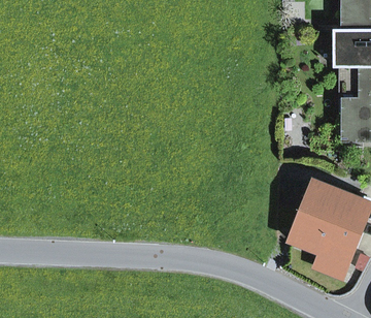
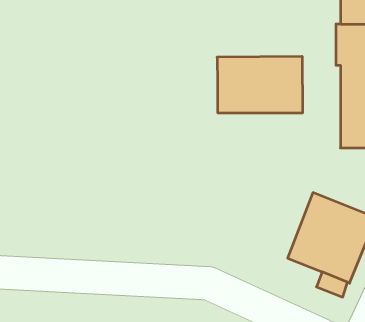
building: none -> [217,56,302,113]

